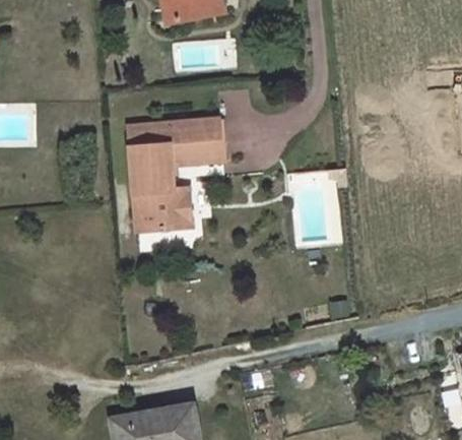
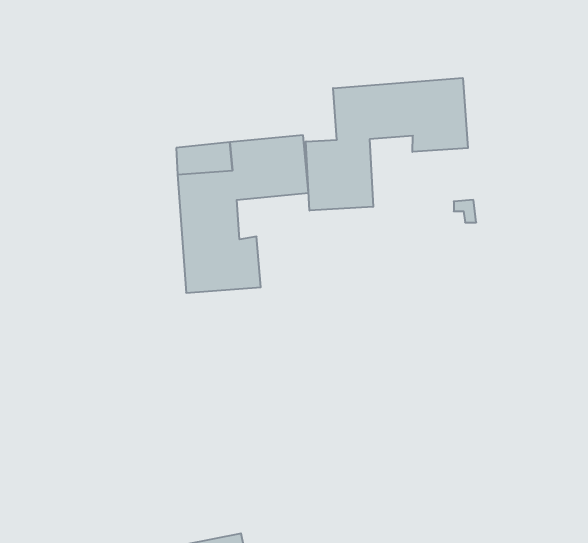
building: none -> [306,78,468,211]

